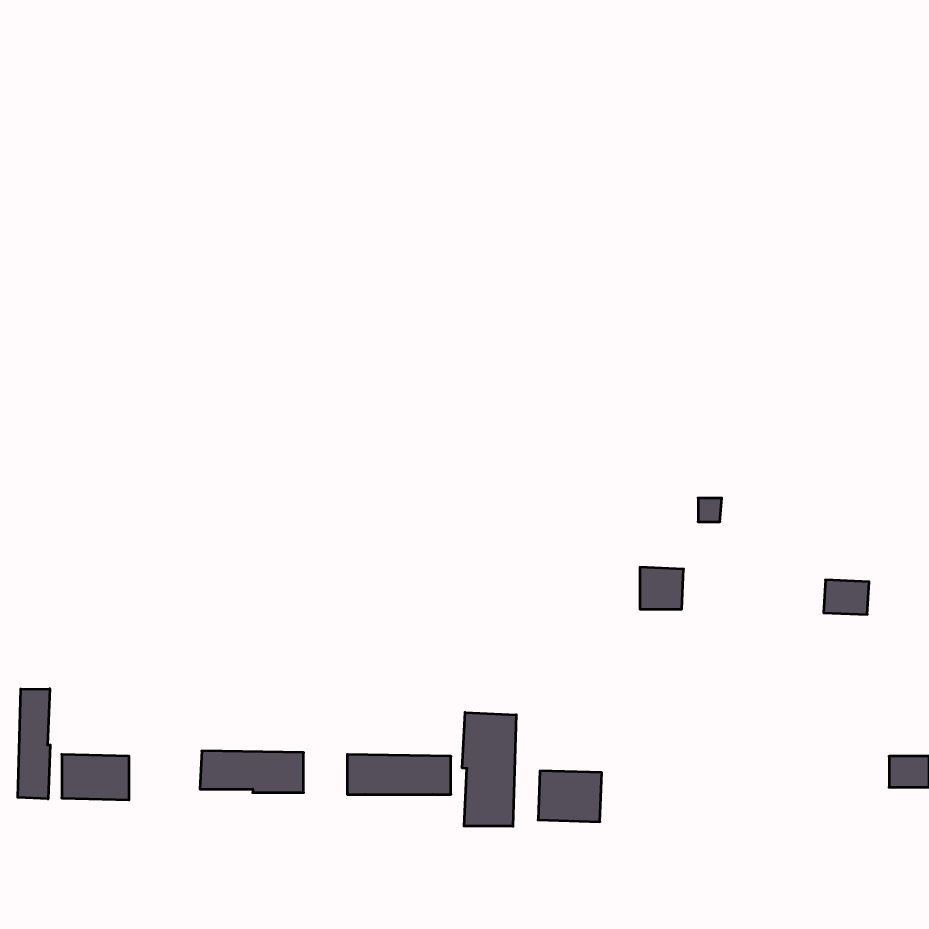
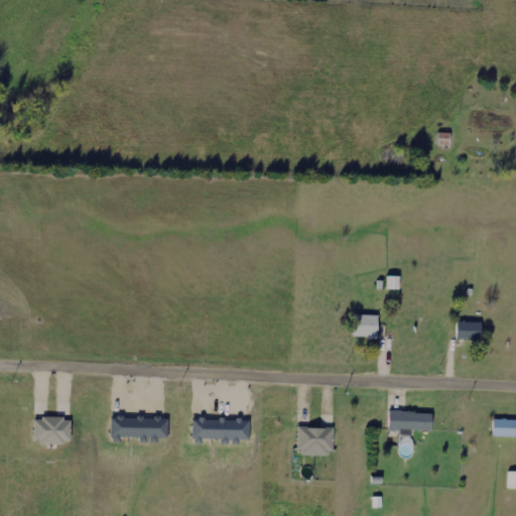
building: [18,689,50,799] -> none
building: [462,712,516,826] -> none
building: none -> [389,411,432,430]

